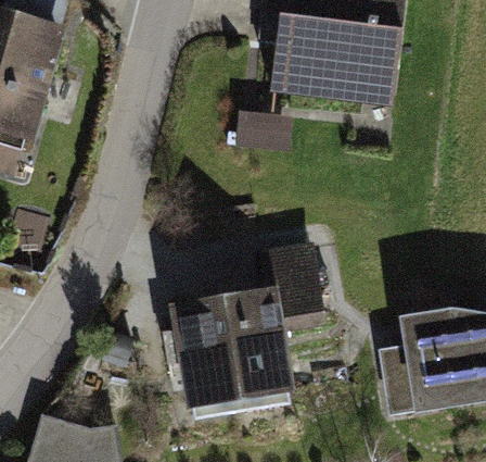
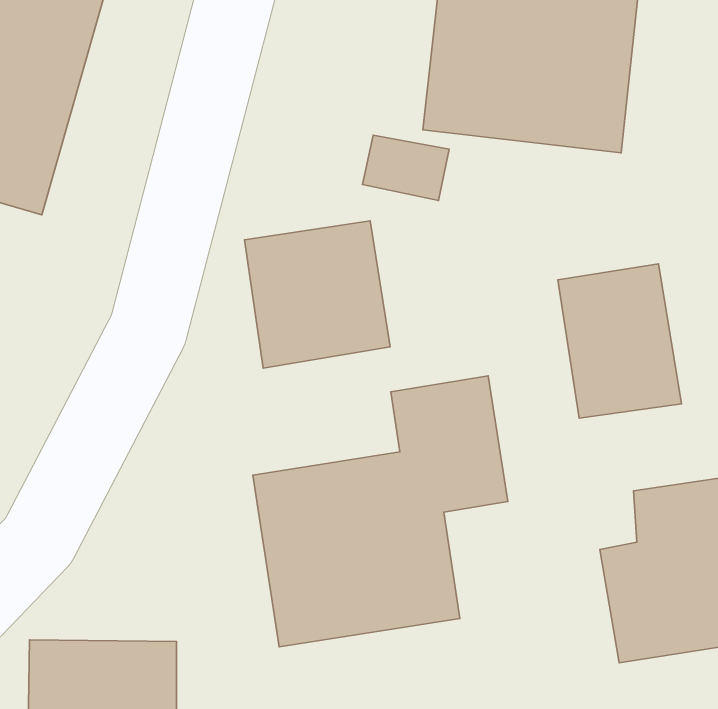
building: none -> [245,221,390,368]
building: none -> [558,264,682,418]

